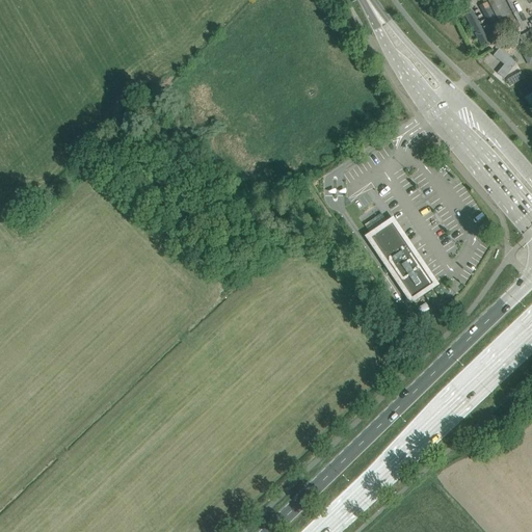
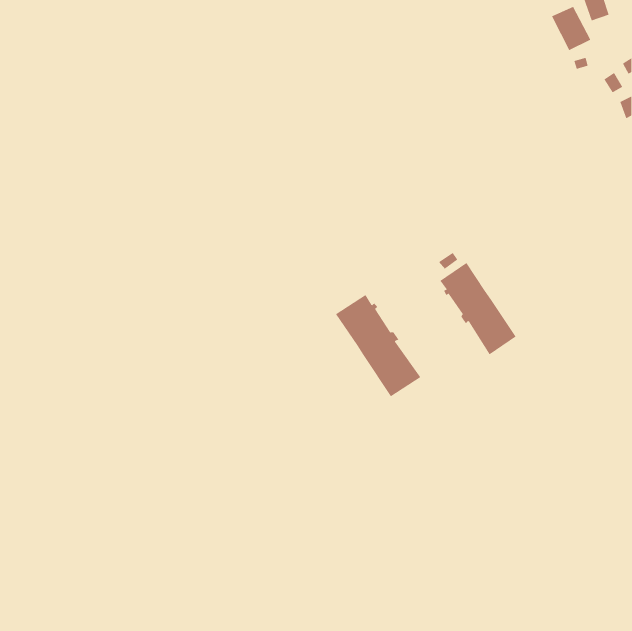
building: none -> [335,294,421,397]

